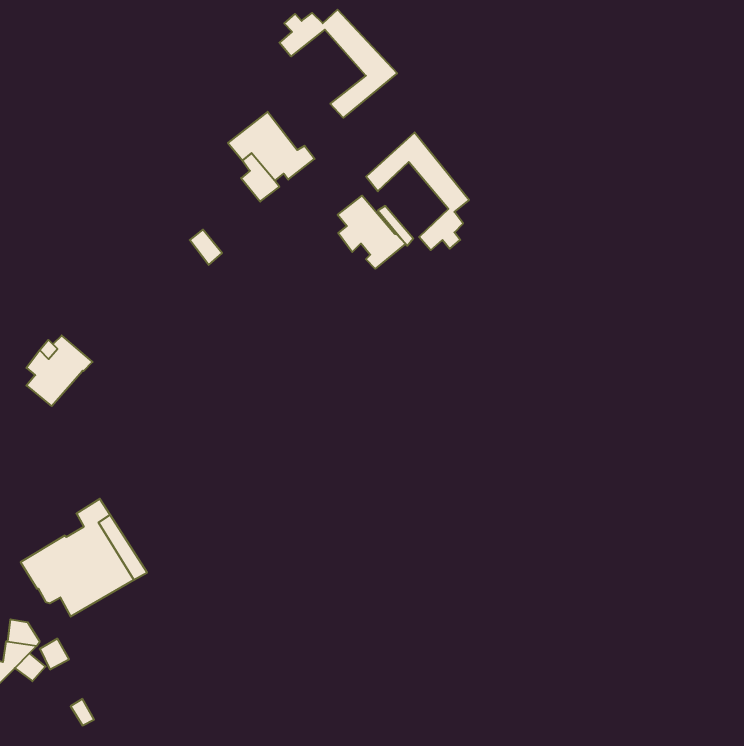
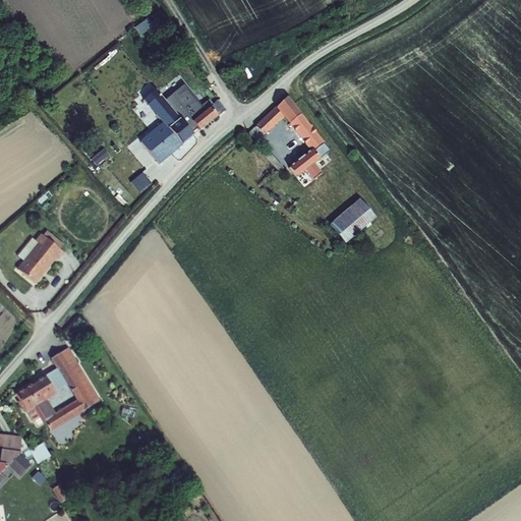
building: [279,10,397,118] -> none
building: none -> [139,122,180,162]
building: [338,196,406,269] -> none
building: none -> [330,197,373,240]

